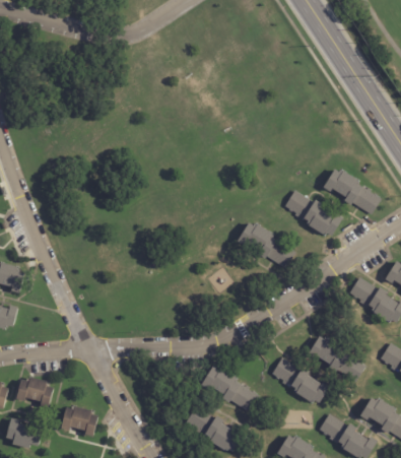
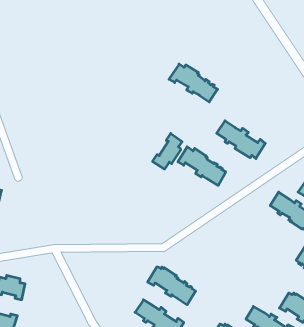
building: [323,169,382,214] -> [169,64,218,102]
building: none -> [153,133,182,169]
building: [308,336,365,382] -> none
building: [272,357,331,403] -> none
building: [61,404,98,435] -> none

